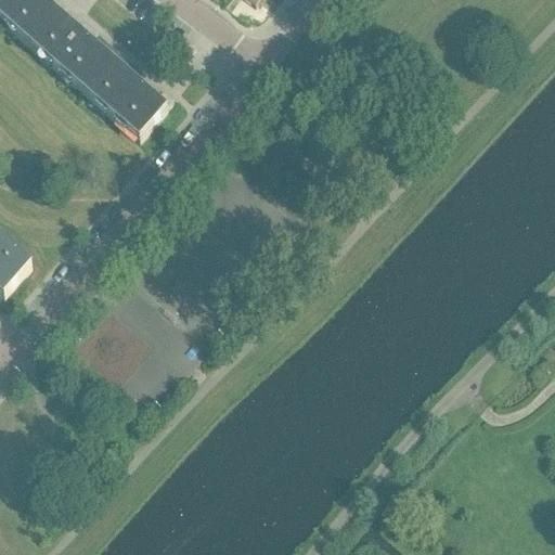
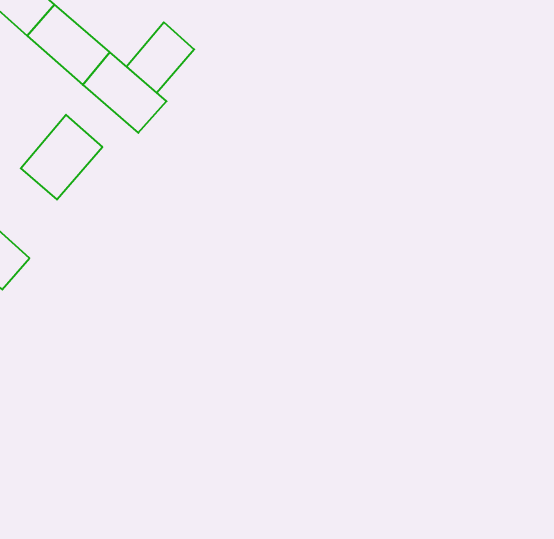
building: none -> [126,22,194,93]
building: none -> [21,115,102,200]

